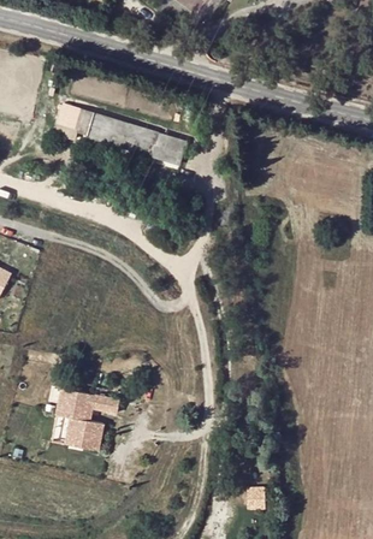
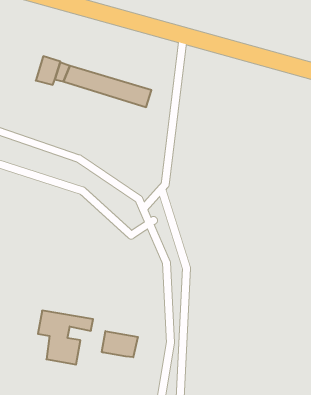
building: none -> [102,331,138,357]

